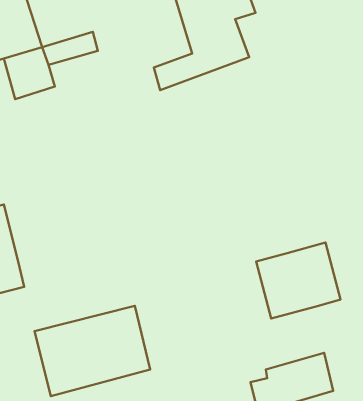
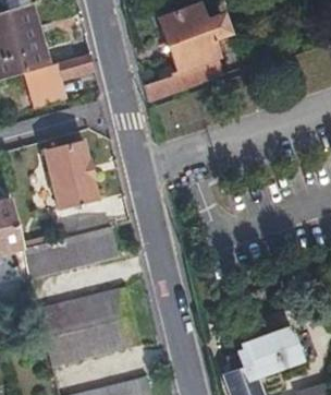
building: none -> [48,141,100,211]
building: none -> [26,227,118,278]
building: [256,243,341,318] -> none

